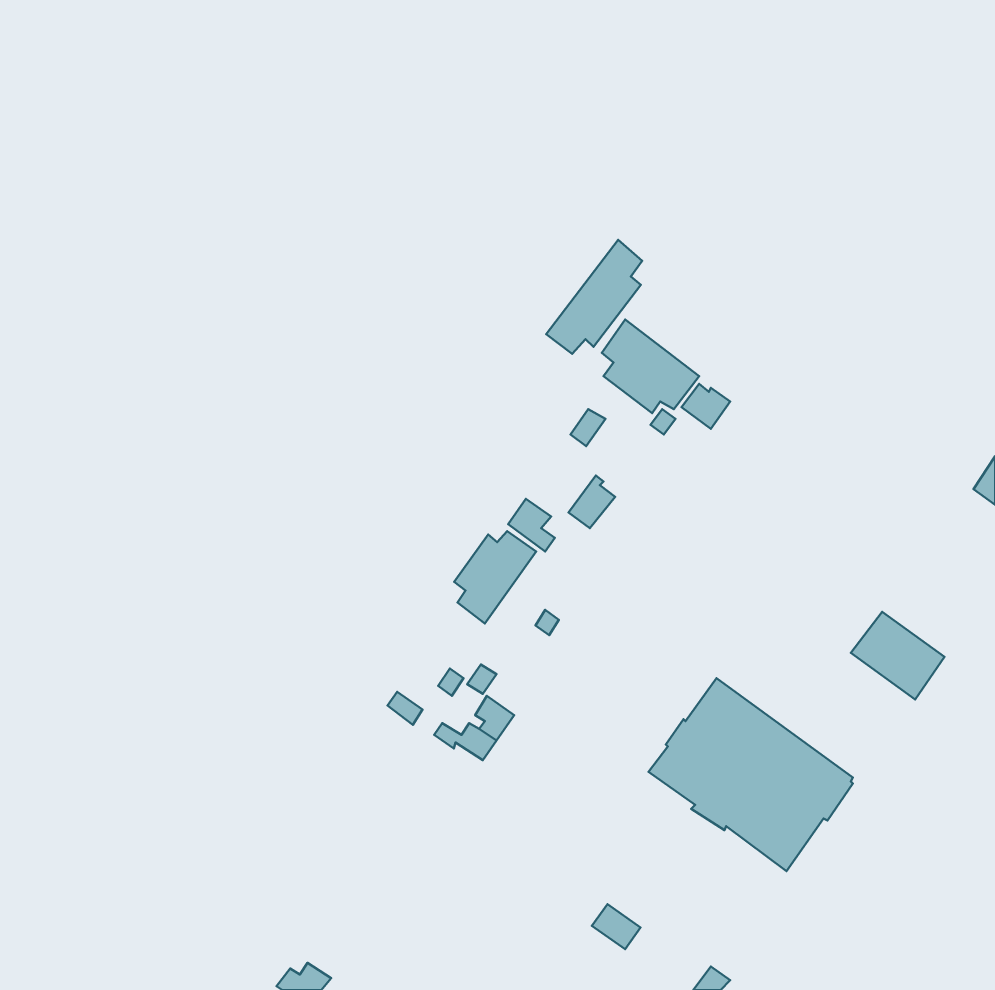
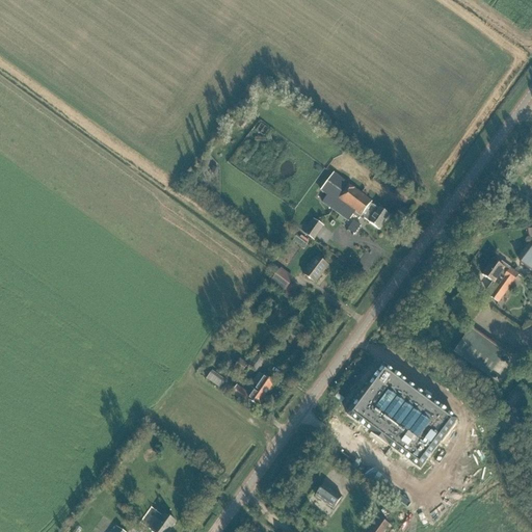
building: [546,240,642,354] -> none
building: none -> [482,259,518,300]
building: [454,531,536,624] -> none

